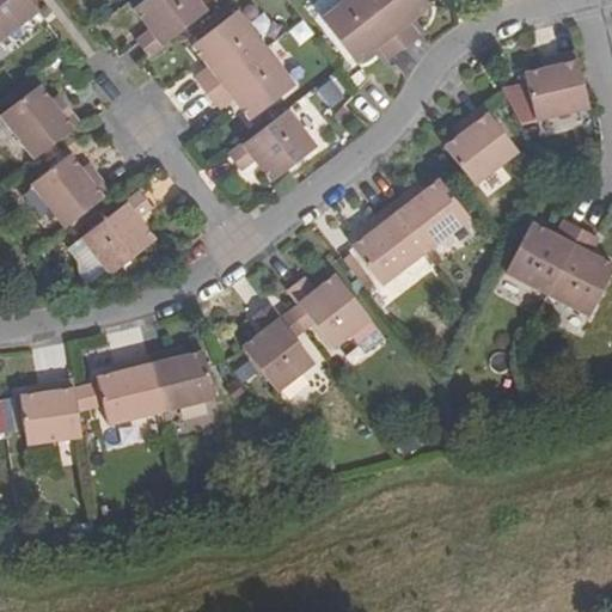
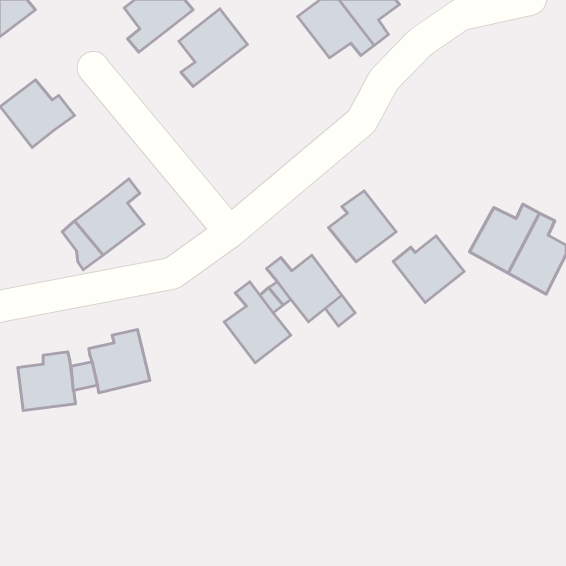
building: [208,48,294,118] -> none
building: [507,53,588,123] -> none
building: [445,105,516,184] -> none
building: [228,109,317,180] -> none
building: [29,153,109,227] -> none
building: [392,178,469,250] -> [393,236,464,303]
building: [148,350,214,410] -> none

